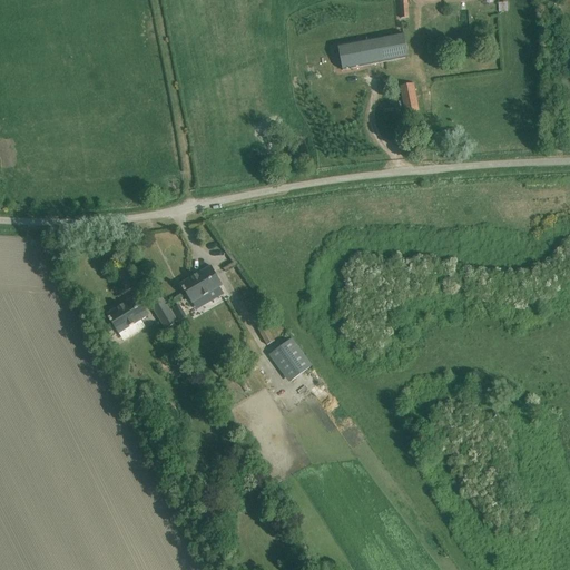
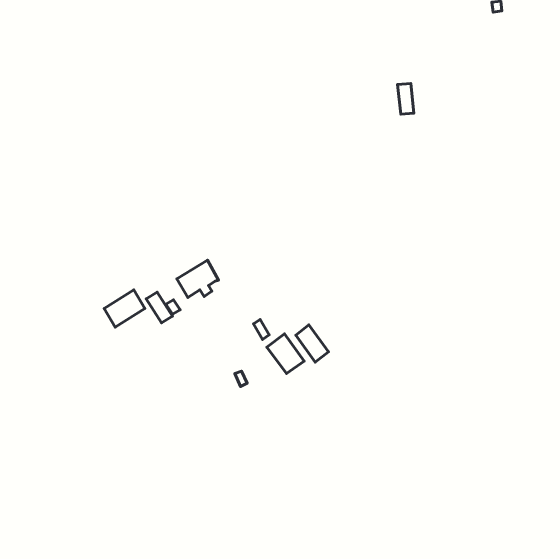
building: [336,32,407,69] -> none
building: none -> [296,325,328,362]

